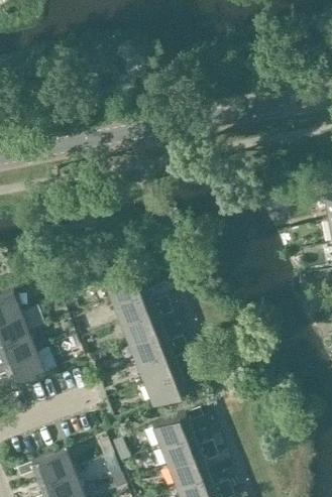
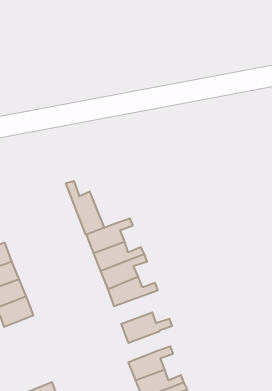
building: none -> [66,181,104,235]
building: [136,345,189,383] -> none

